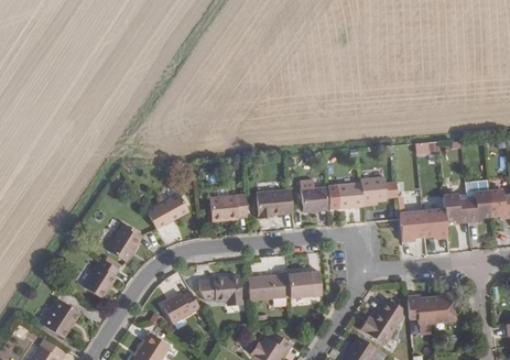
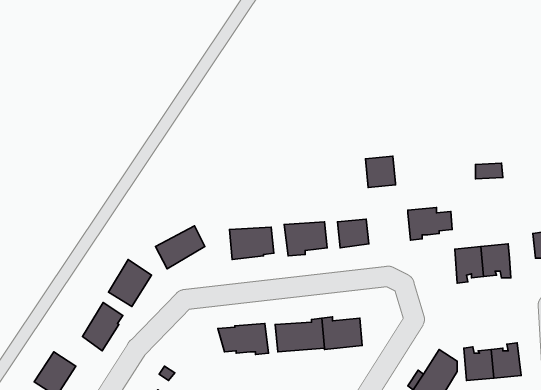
building: [336,182,361,208] -> [366,156,396,187]
building: [443,194,467,221] -> none
building: [160,290,198,323] -> none

